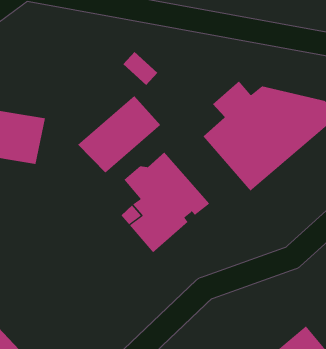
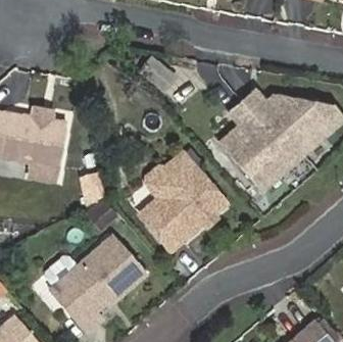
building: [77,95,161,174] -> none
building: none -> [47,234,142,330]

